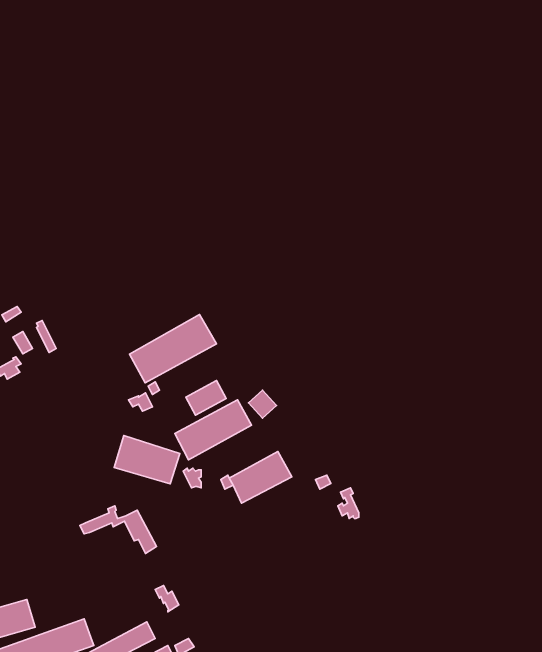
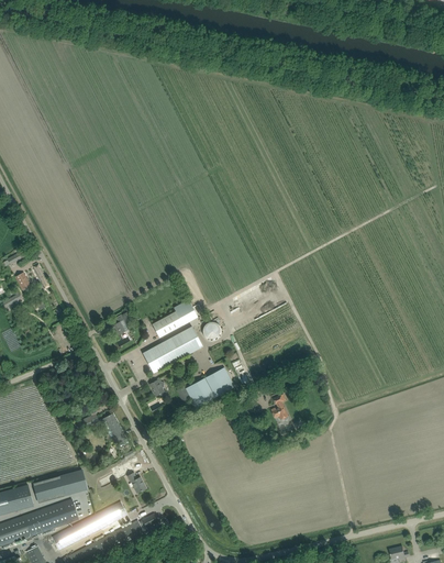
building: [130,314,216,383] -> none
building: [114,436,180,484] -> none
building: none -> [32,468,86,501]

